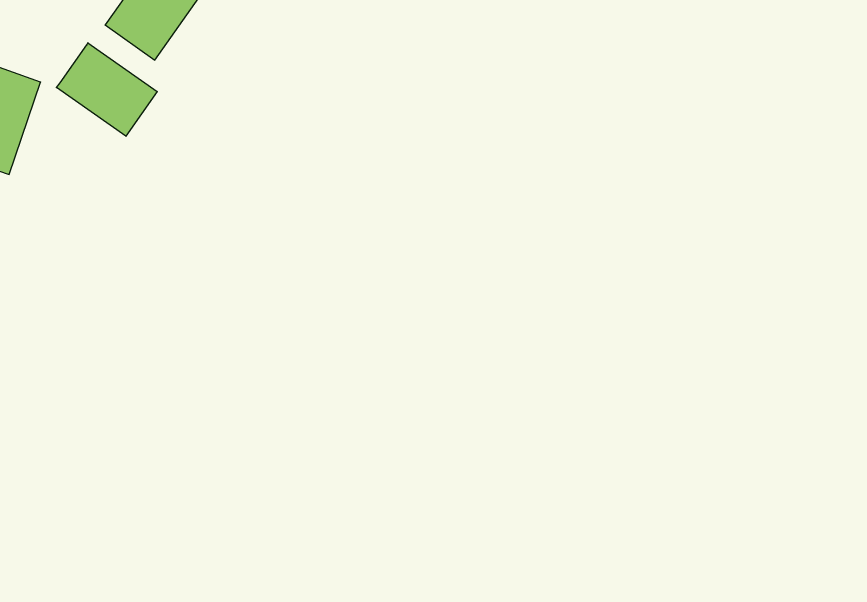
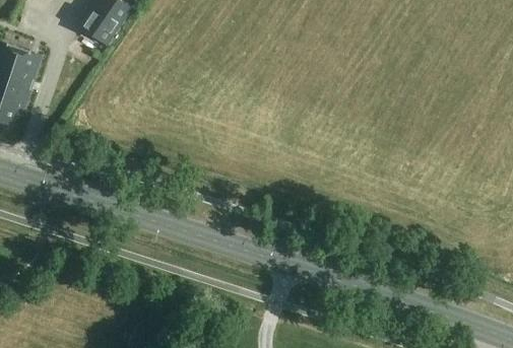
building: [56,43,157,136] -> none

